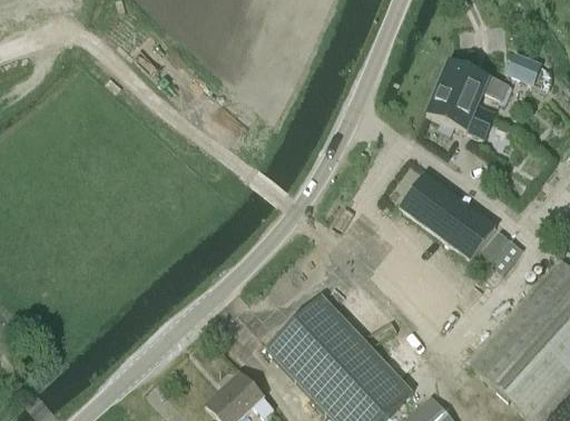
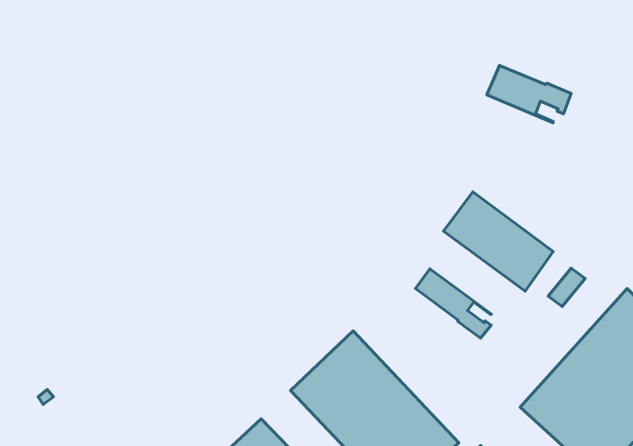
building: [505,52,541,85] -> none
building: [426,88,495,139] -> none
building: none -> [416,269,492,338]

